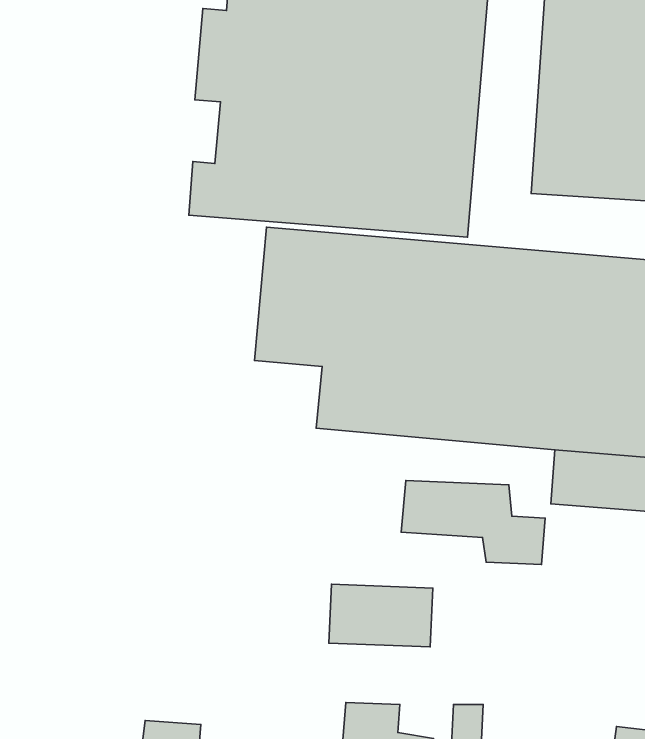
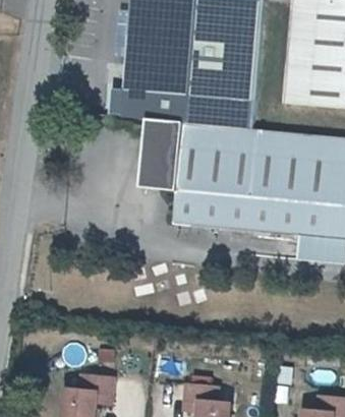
building: [401,480,545,565] -> none
building: [329,584,433,647] -> none

